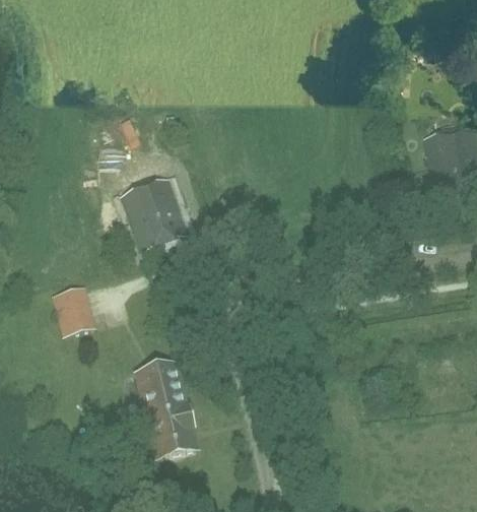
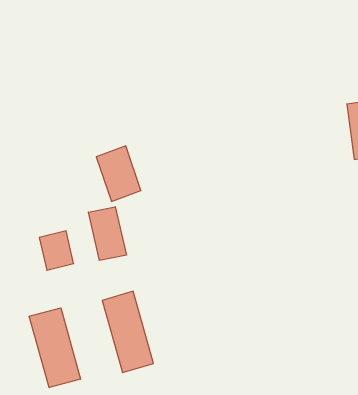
building: none -> [88,207,126,260]
building: none -> [29,308,81,388]

